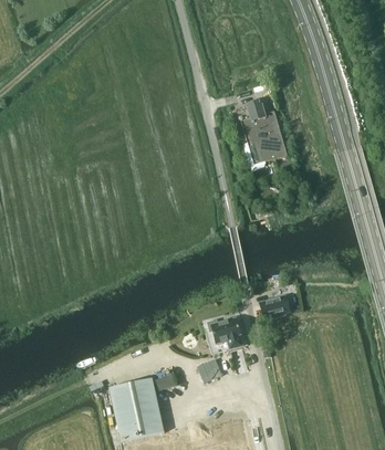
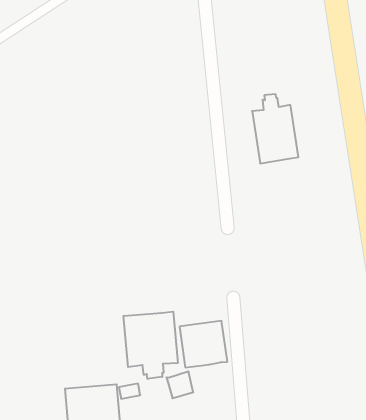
building: [259,293,289,316] -> none
building: none -> [124,312,178,379]

